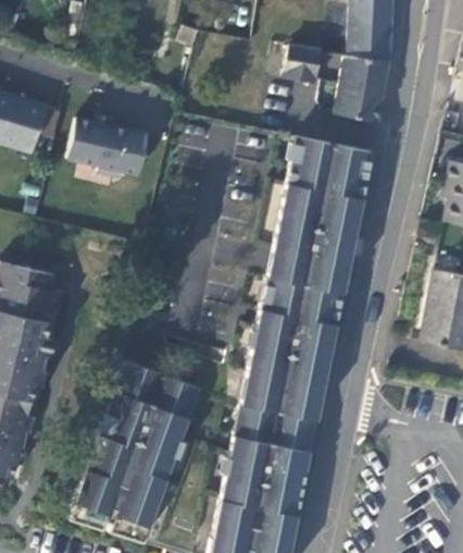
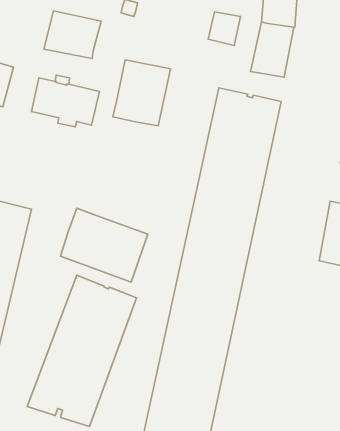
building: none -> [44,11,101,58]
building: none -> [113,60,170,126]
building: none -> [60,208,148,282]

